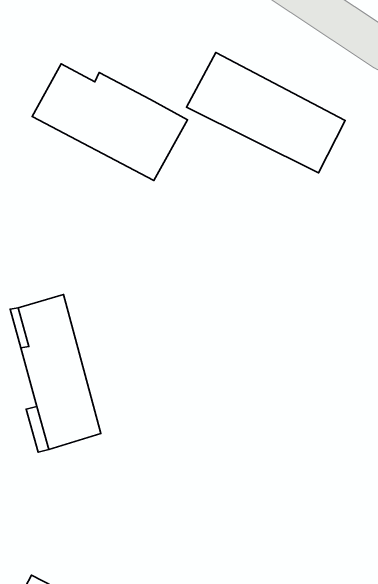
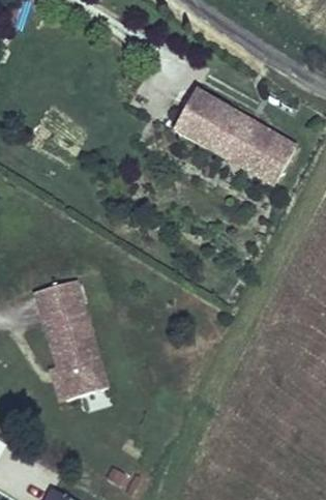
building: [32,64,188,181] -> none

